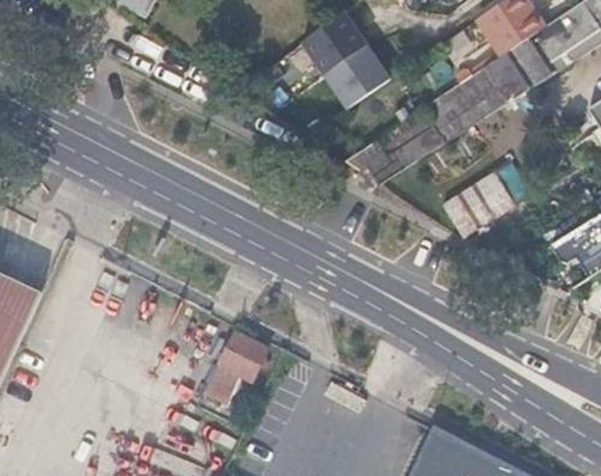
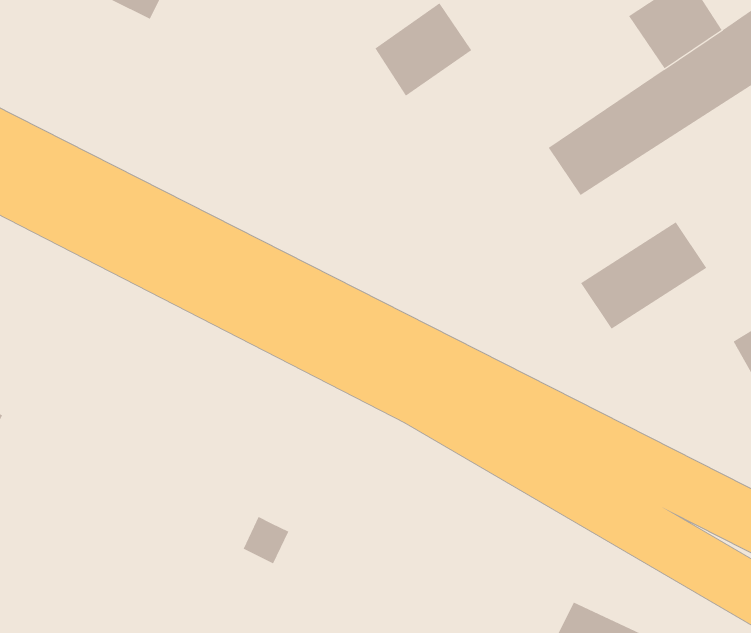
building: [321,41,391,108] -> none
building: [343,109,443,184] -> none
building: [219,332,269,383] -> none

